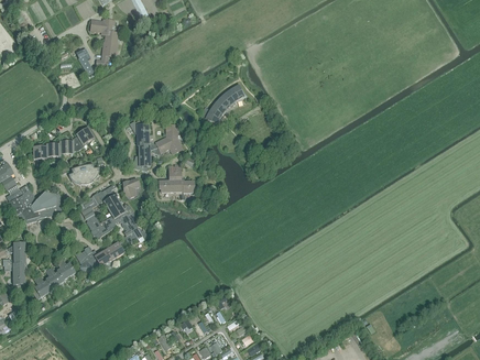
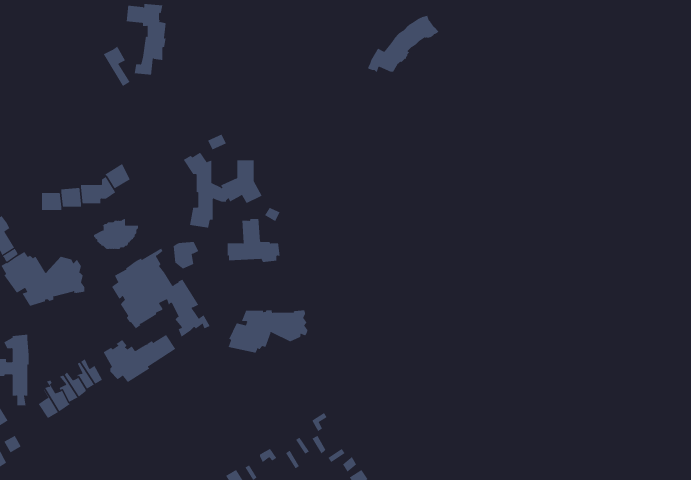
building: [199,84,248,122] -> [368,15,439,72]
building: none -> [228,310,308,353]

